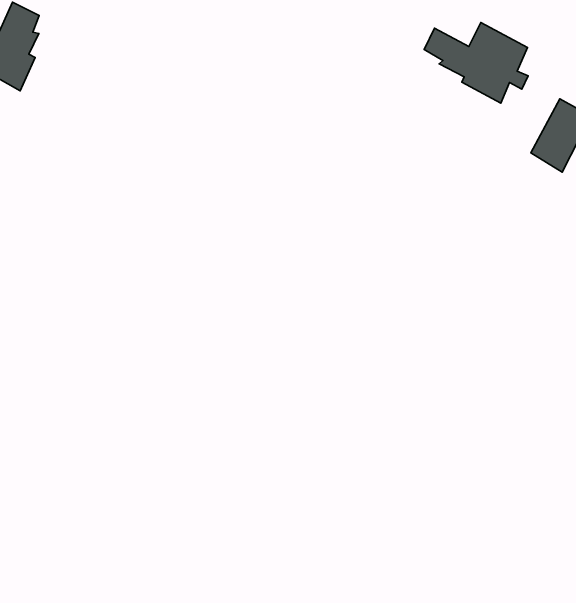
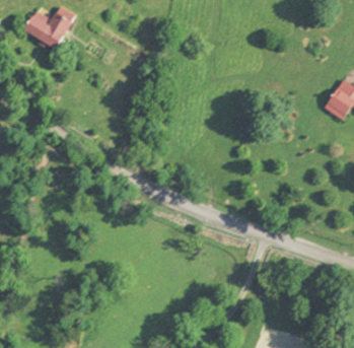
building: [424,22,528,103] -> none

